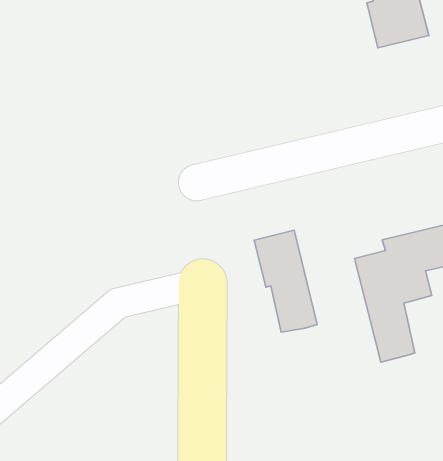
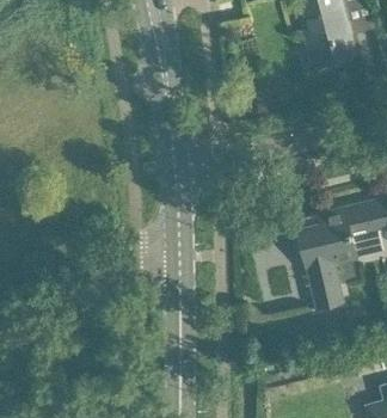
building: [254,230,317,332] -> none

